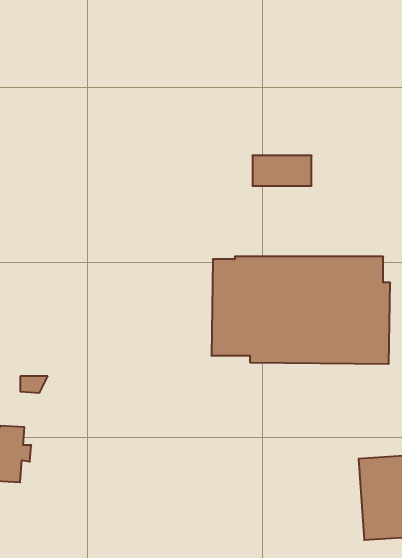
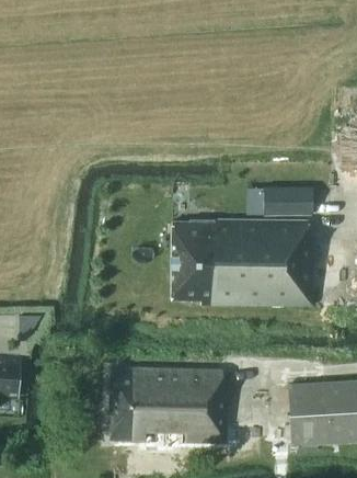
building: [252,155,312,186] -> [265,191,312,215]
building: none -> [110,368,228,442]

